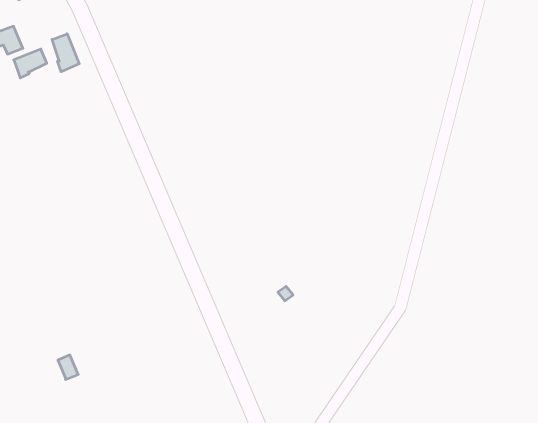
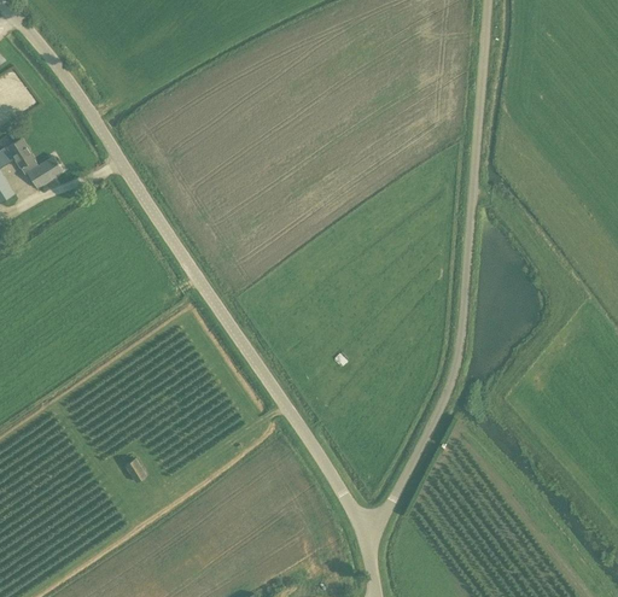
building: [52,34,79,72] -> none

